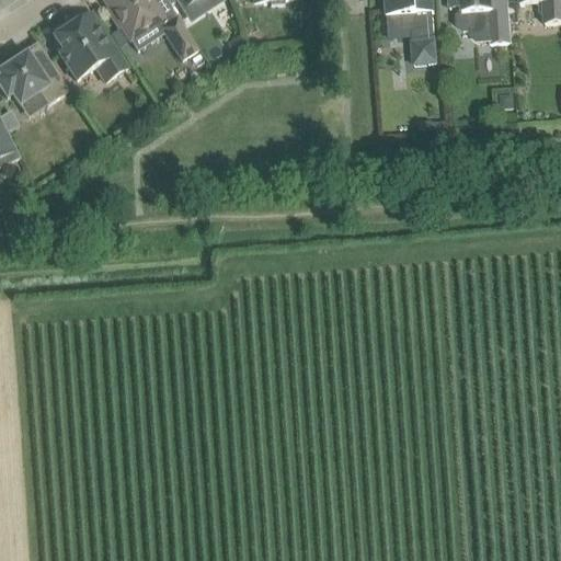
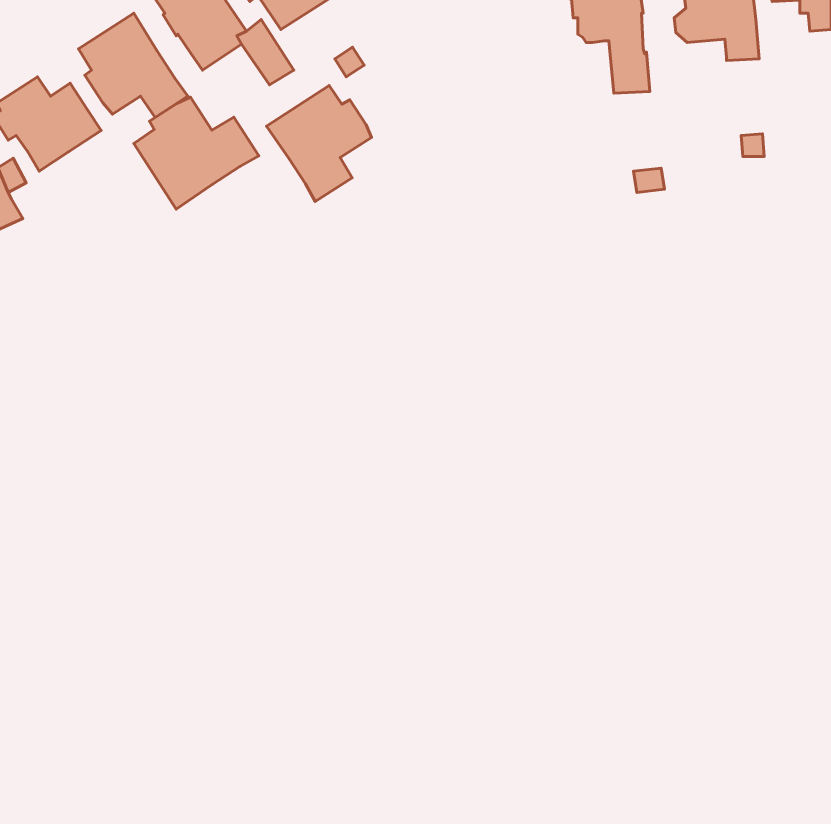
building: none -> [266,86,372,201]
building: none -> [134,97,259,209]

